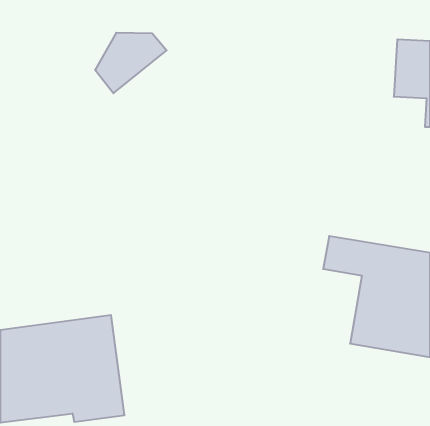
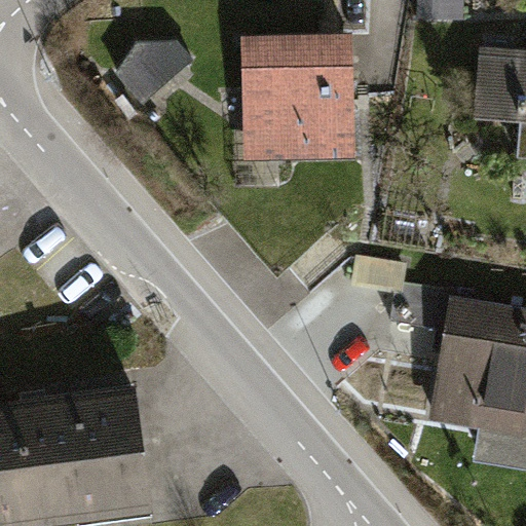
building: none -> [250,34,351,159]

